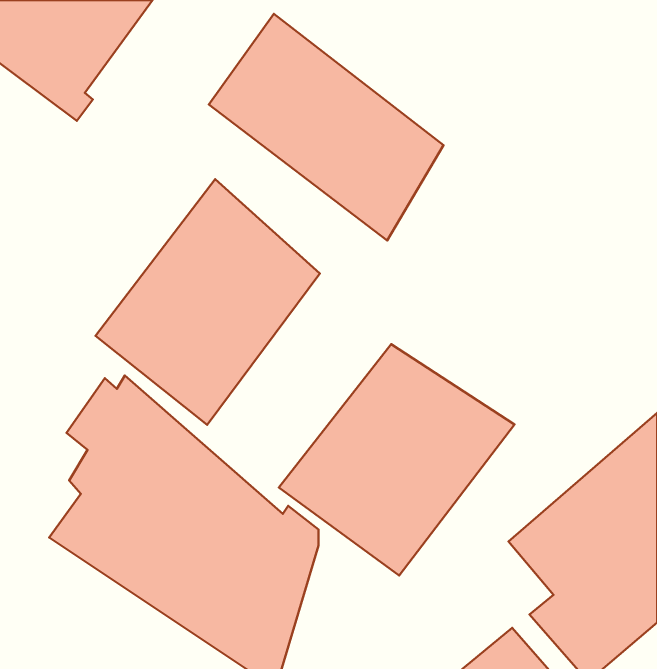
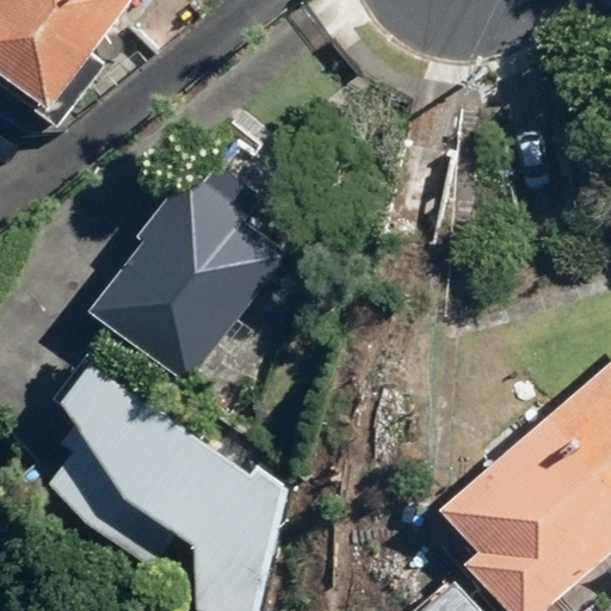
building: [209,14,444,240] -> none
building: [279,344,514,576] -> none

